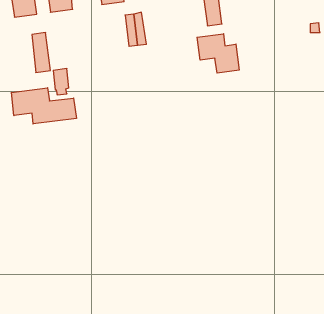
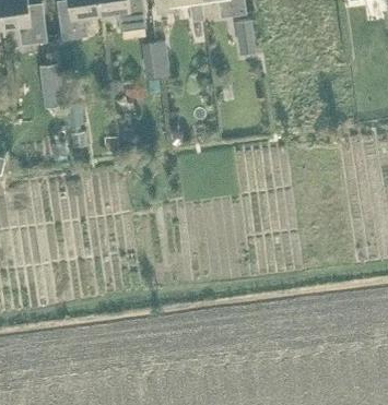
building: [197,34,239,73] -> none
building: [11,88,76,124] -> none

